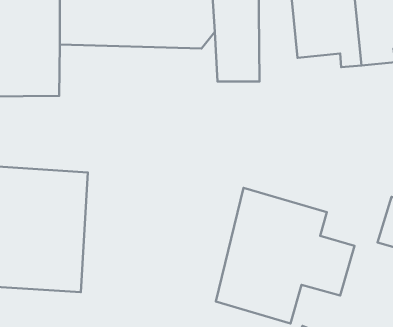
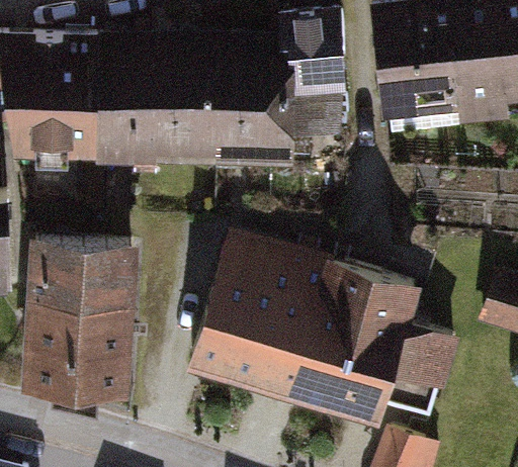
building: none -> [102,77,292,154]
building: none -> [195,238,324,400]

